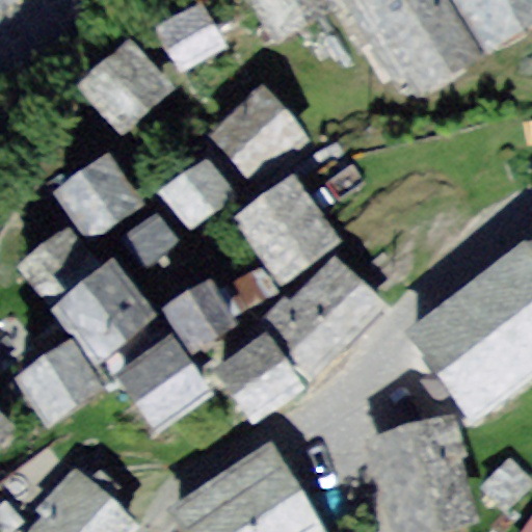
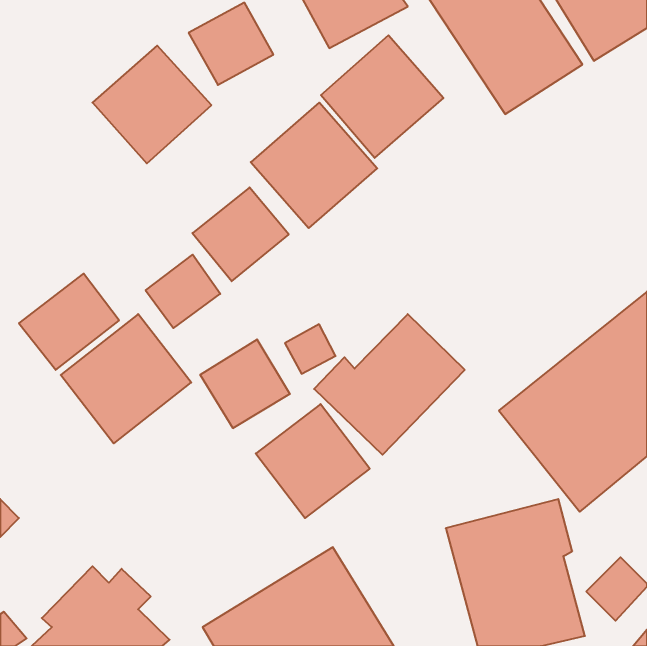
building: none -> [321,35,443,158]
building: [54,152,144,241] -> none
building: [231,171,342,285] -> none
building: [112,335,211,432] -> none
building: [14,338,104,427] -> none

